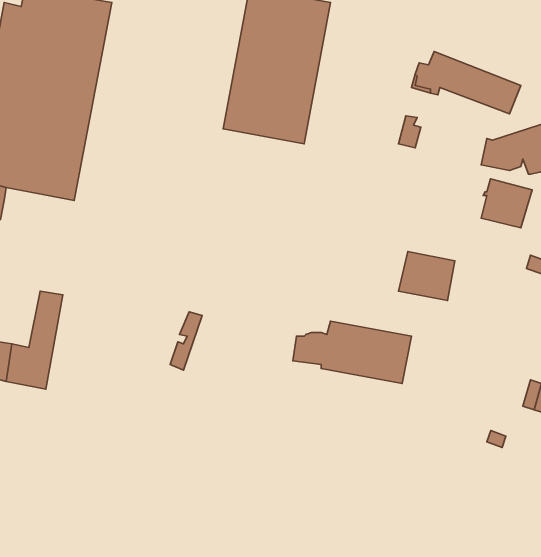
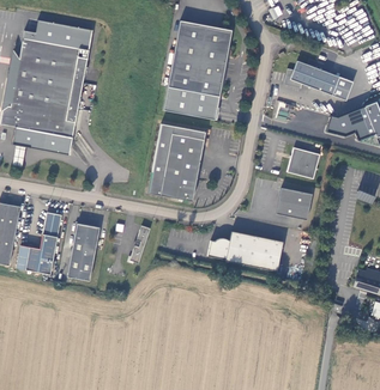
building: none -> [147,123,205,200]
building: [481,179,532,228] -> [286,146,319,177]
building: none -> [67,223,99,280]

